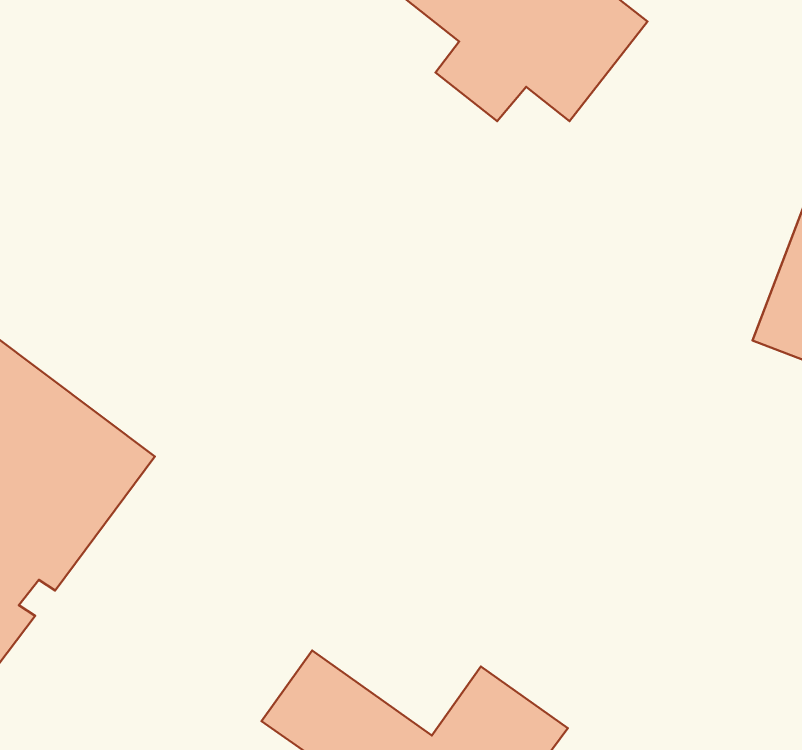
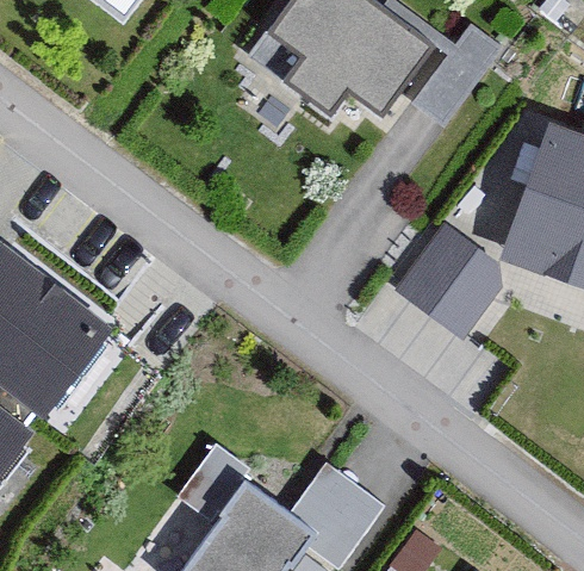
building: none -> [398,230,492,334]

